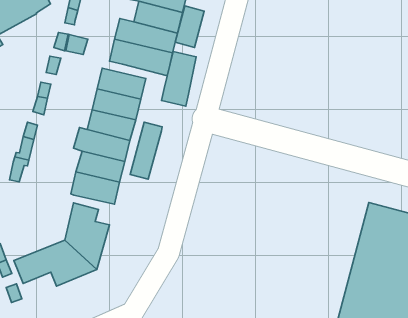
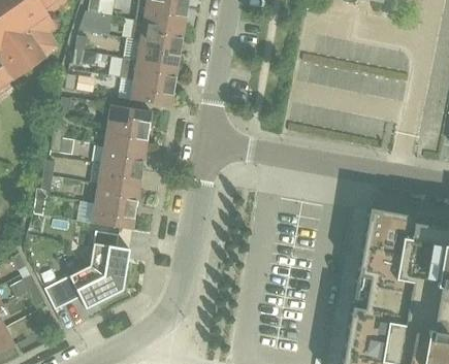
building: [175,6,204,48] -> none
building: [161,52,196,106] -> none
building: [130,122,162,179] -> none

